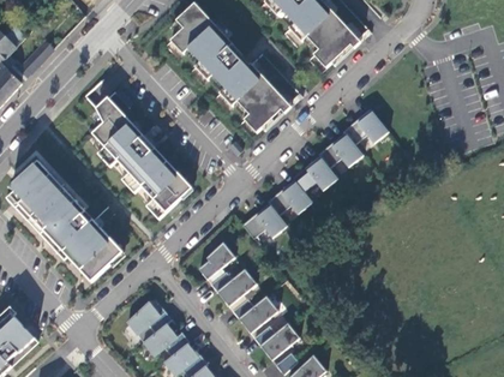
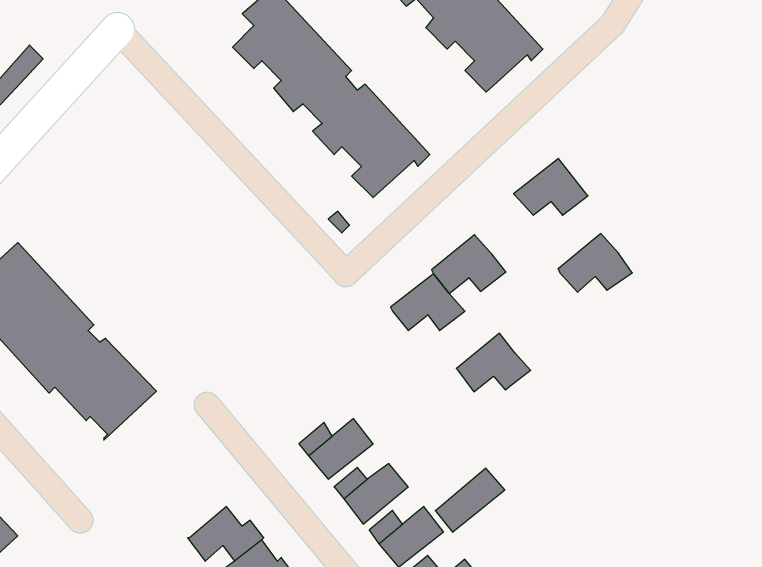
building: [92,97,192,220] -> none
building: [318,132,364,168] -> [558,234,632,292]
building: [242,203,288,239] -> [456,333,531,392]
building: [199,243,235,280] -> none
building: none -> [435,468,505,532]
building: [126,301,172,342] -> none

